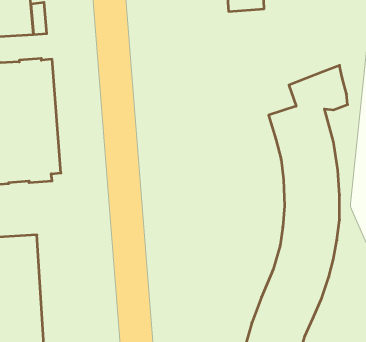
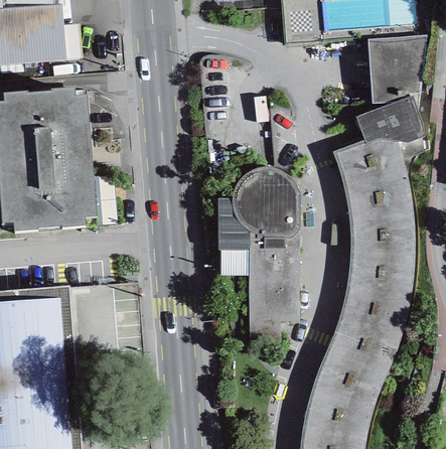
building: none -> [368,35,427,109]
building: none -> [217,165,299,342]

